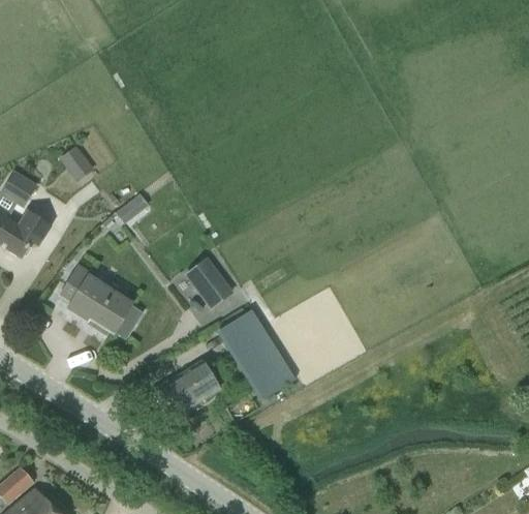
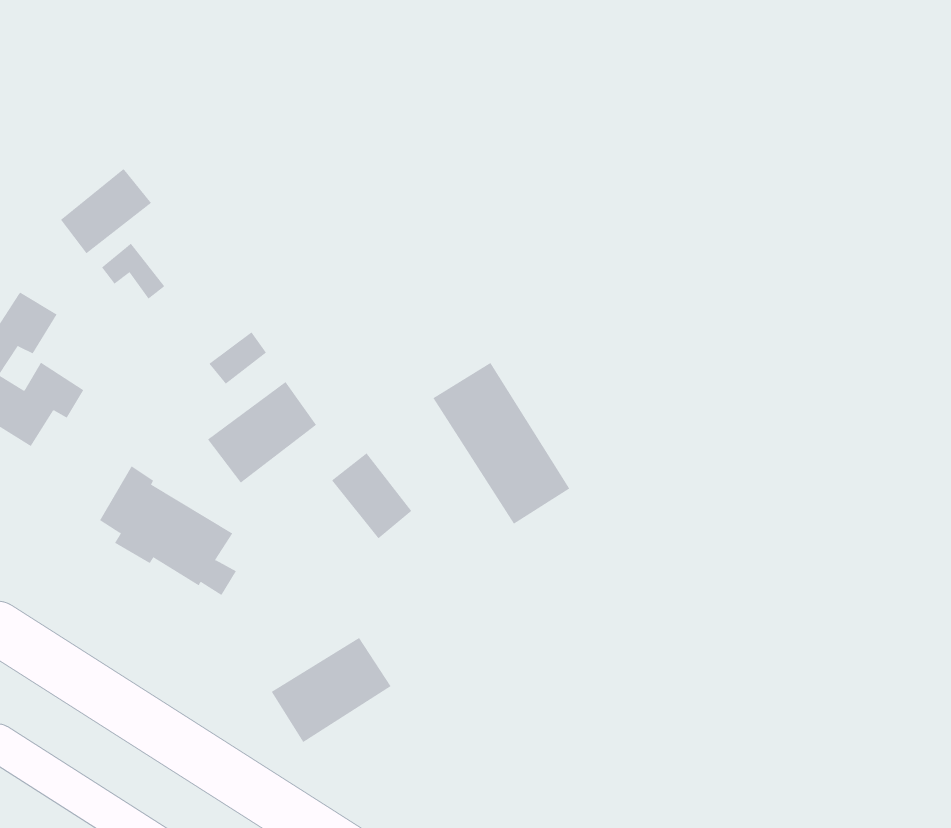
building: none -> [60,168,152,254]
building: none -> [207,381,317,484]
building: [219,309,294,398] -> [432,362,570,525]

